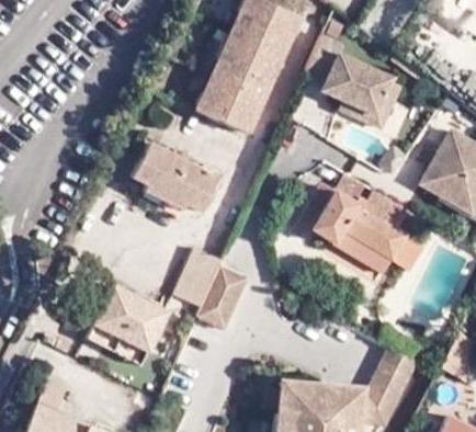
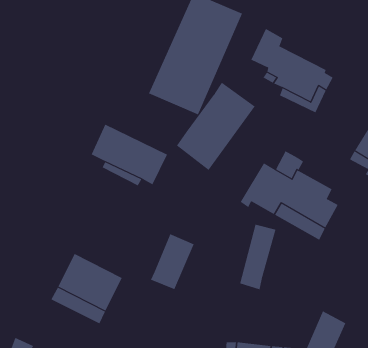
building: none -> [176,82,255,171]
building: [177,247,223,306] -> none
building: none -> [239,224,276,290]

